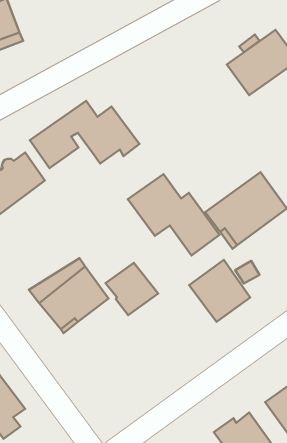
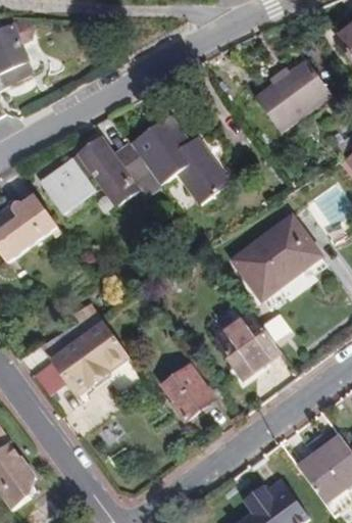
building: [128,174,220,255] -> [130,115,230,204]
building: [106,263,158,315] -> [159,363,216,420]

